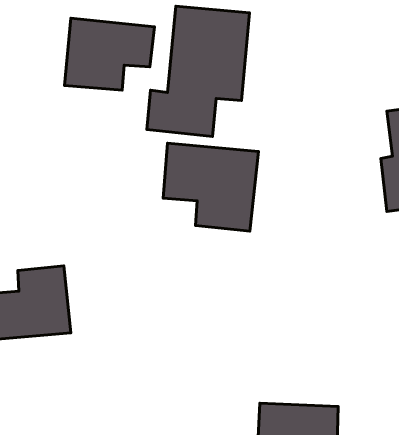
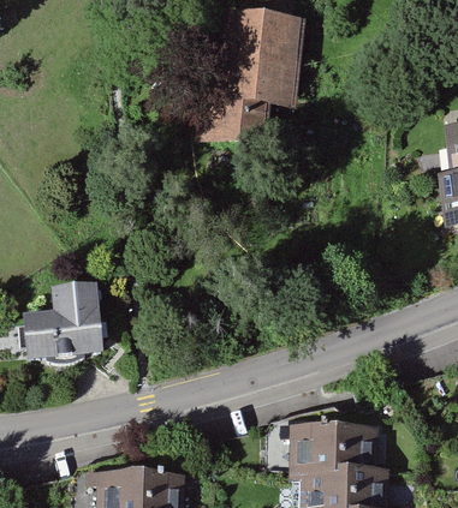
building: [65,18,154,90] -> none
building: [163,143,258,231] -> none

